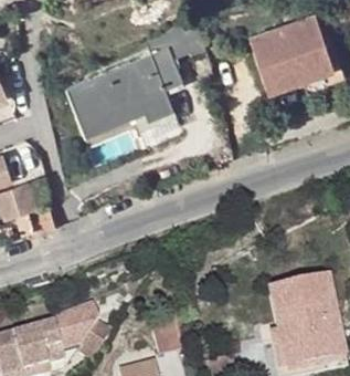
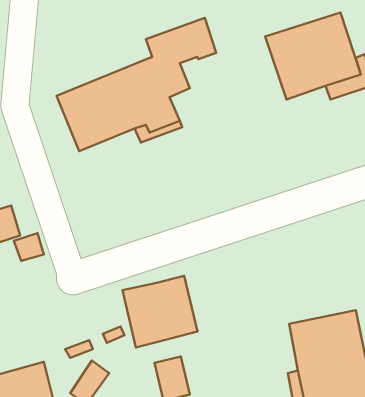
building: none -> [122,276,198,348]

